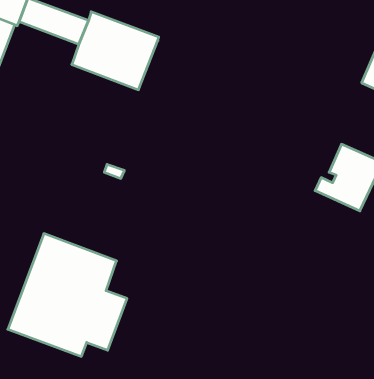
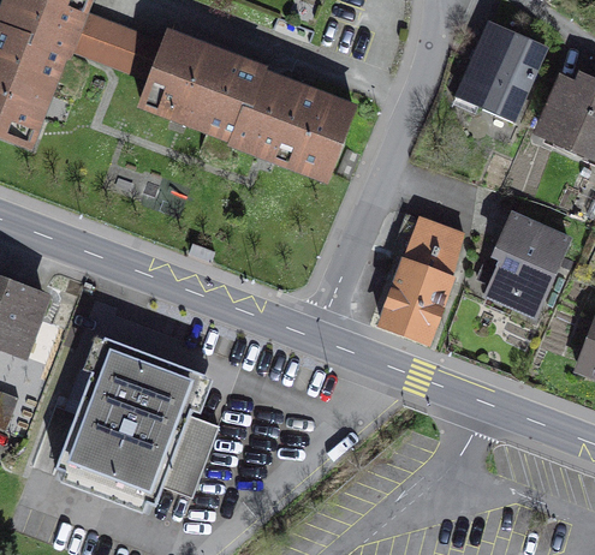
building: none -> [459,22,547,119]
building: none -> [234,72,353,178]
building: none -> [382,213,463,340]

